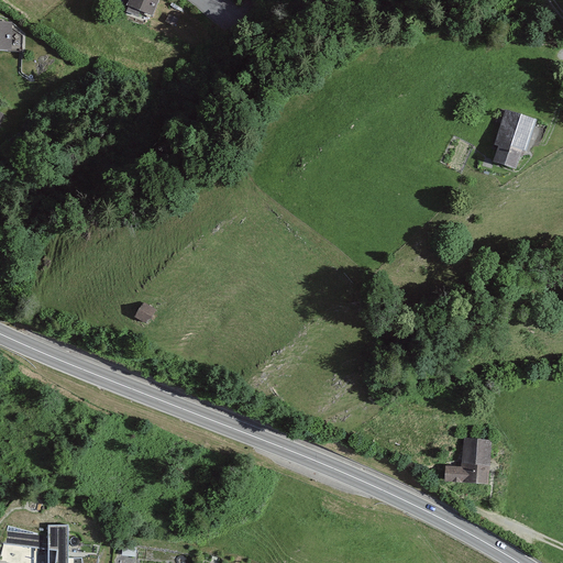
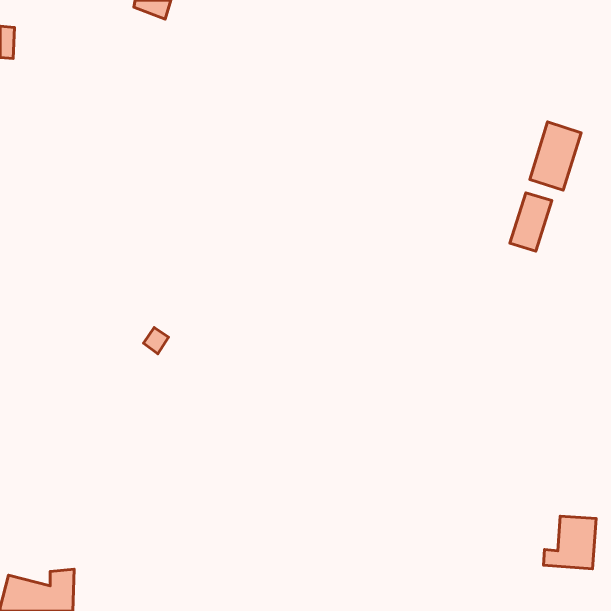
building: none -> [510,193,552,251]
building: [445,435,494,484] -> [543,516,596,569]

